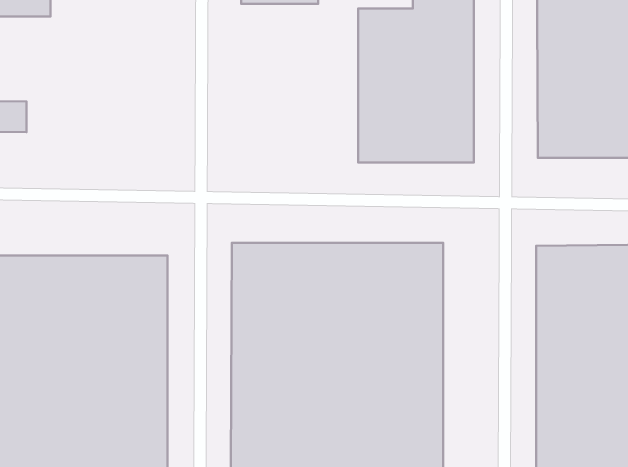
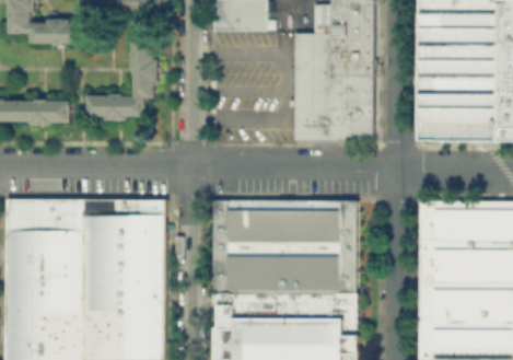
building: none -> [88,35,154,114]

